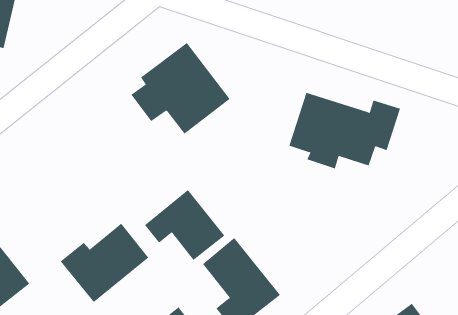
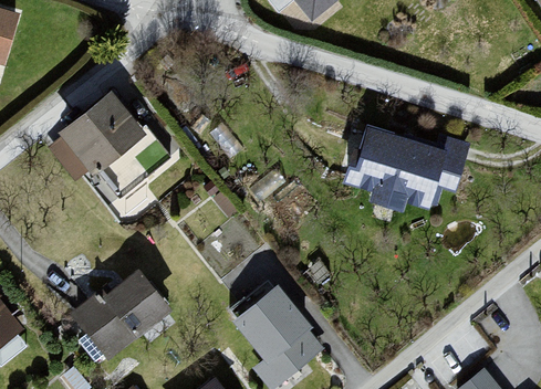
building: [131,42,230,134] -> [49,91,164,197]
building: [144,189,225,261] -> none

